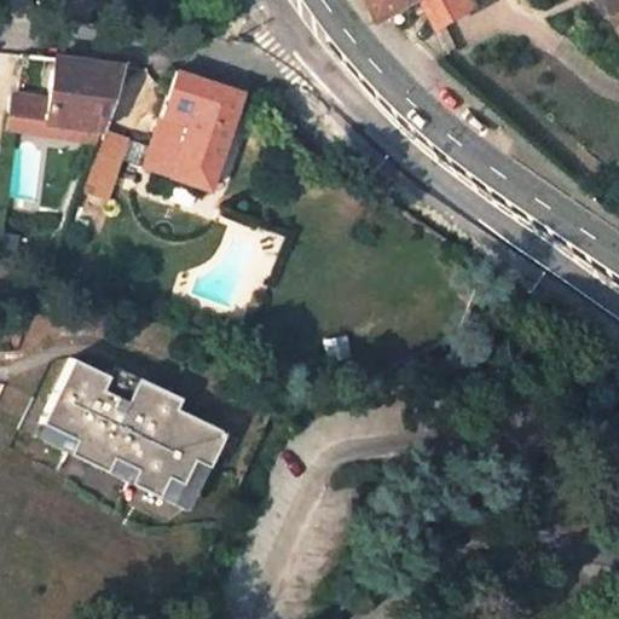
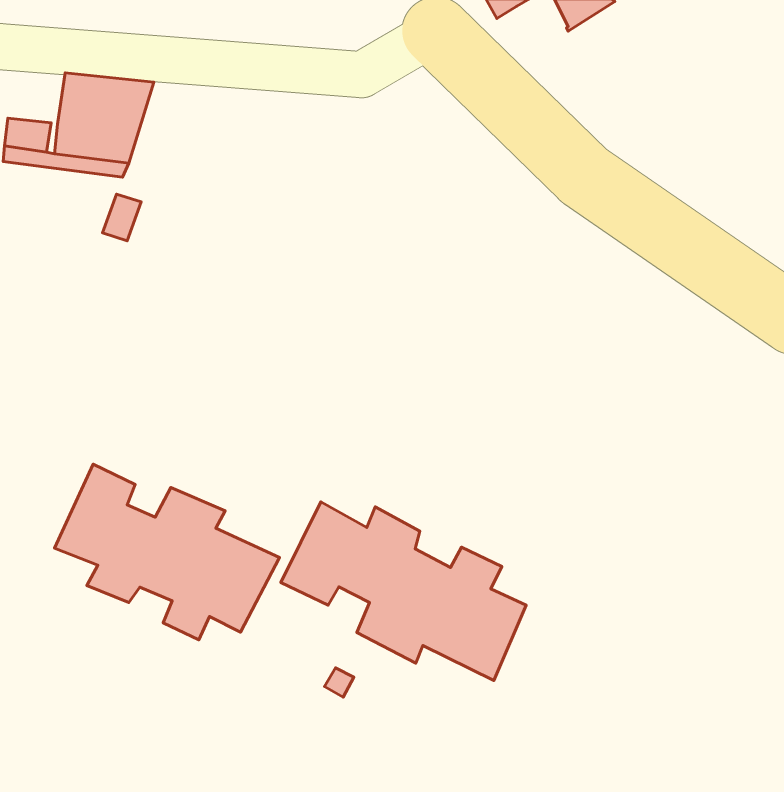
building: [149,71,245,190] -> none
building: none -> [281,502,526,680]

